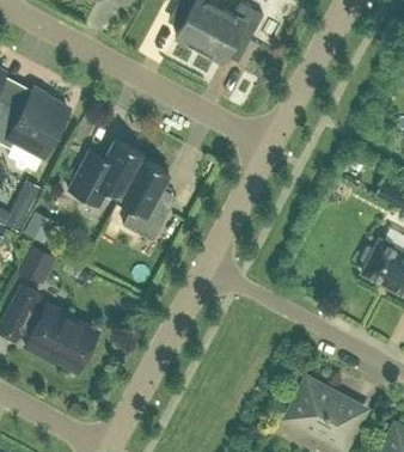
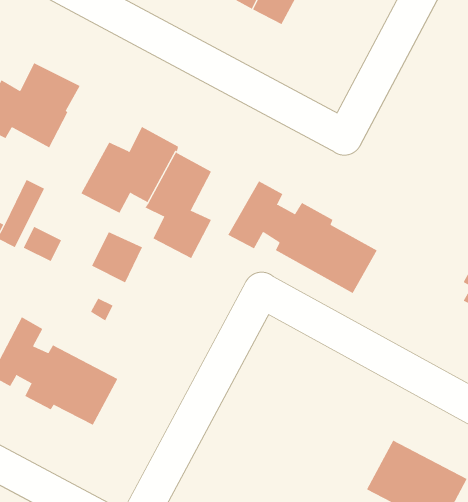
building: none -> [227,181,377,294]
building: [17,245,56,285] -> [91,232,143,283]

